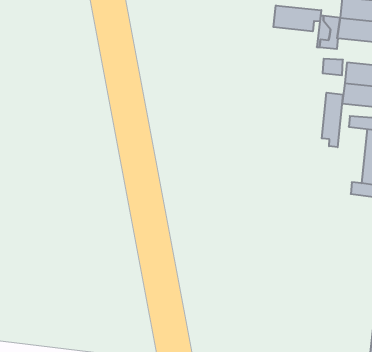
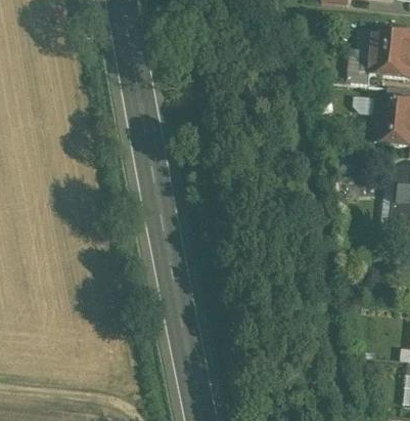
building: [273,5,321,31] -> none
building: [322,93,343,147] -> none

